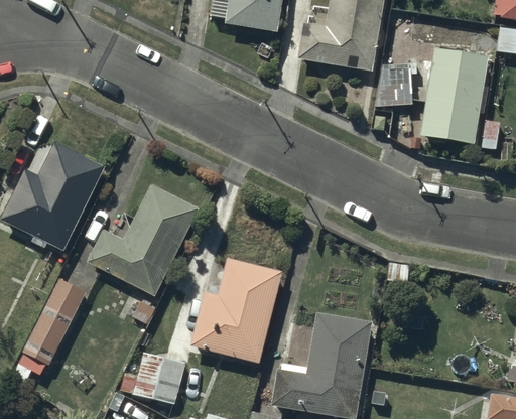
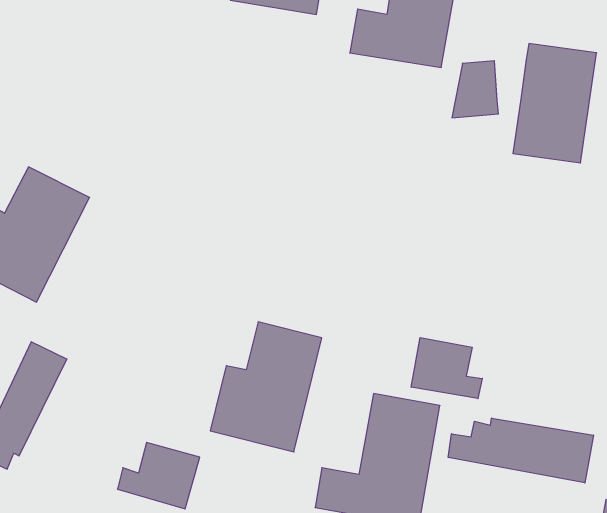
building: [90,187,197,293] -> none
building: none -> [411,338,482,399]
building: none -> [448,418,593,483]

